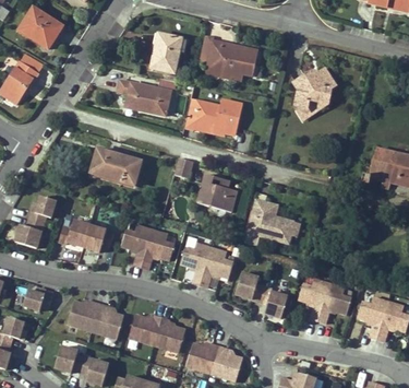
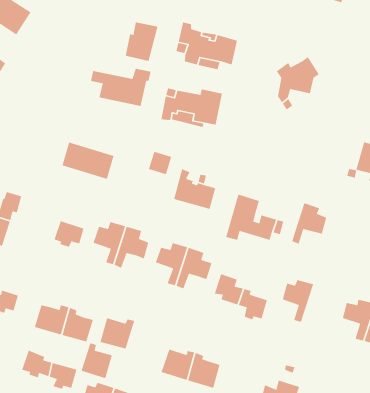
building: [59,217,91,242] -> none
building: [318,282,352,322] -> [291,202,327,245]
building: [153,317,183,352] -> [81,342,113,379]

